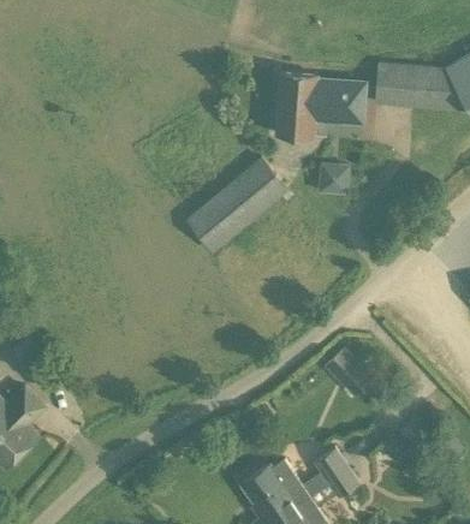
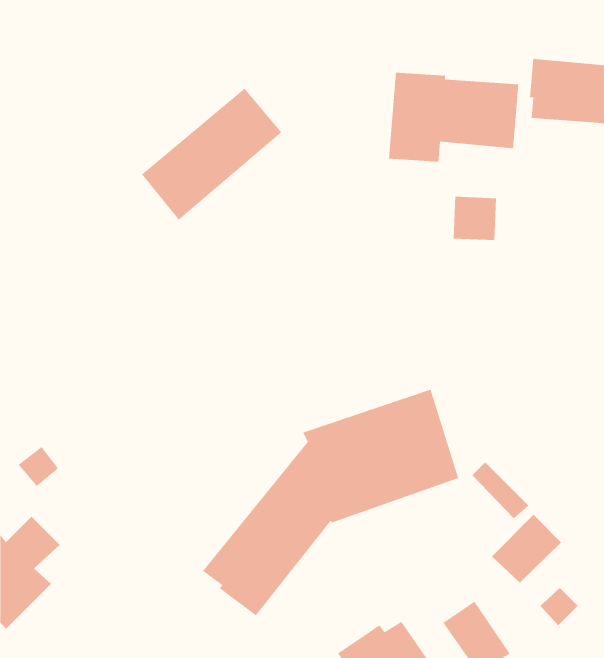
building: [186,156,286,250] -> [141,88,282,220]
building: none -> [202,389,459,616]
building: none -> [491,514,562,583]

